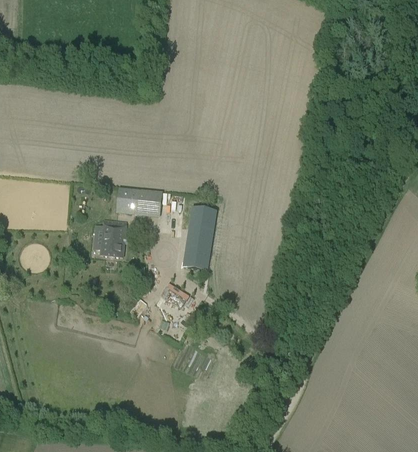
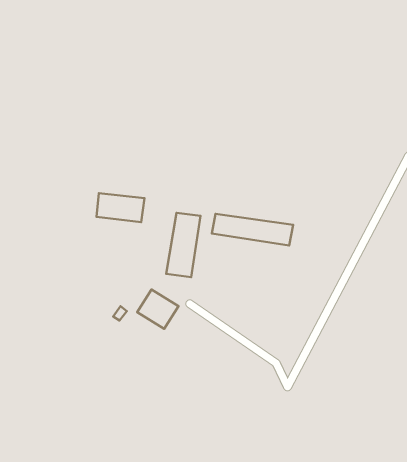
building: none -> [212,214,293,245]
building: [99,219,125,257] -> none

